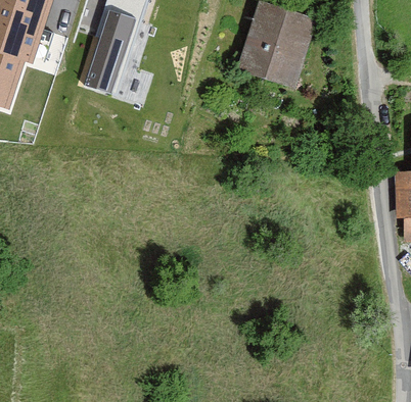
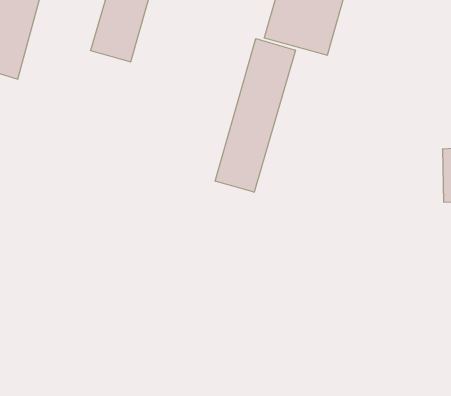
building: none -> [215,39,295,192]

